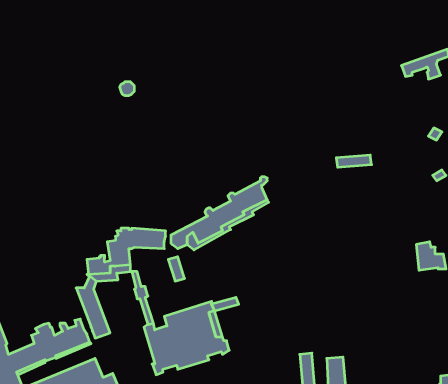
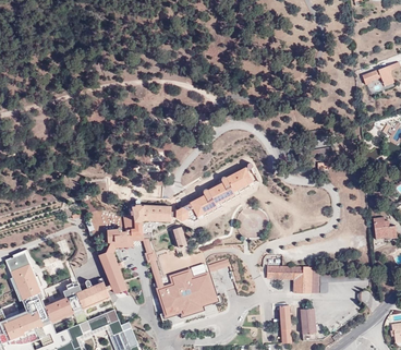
building: none -> [267,266,319,293]

